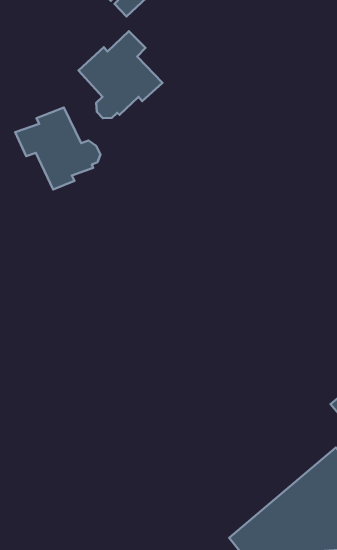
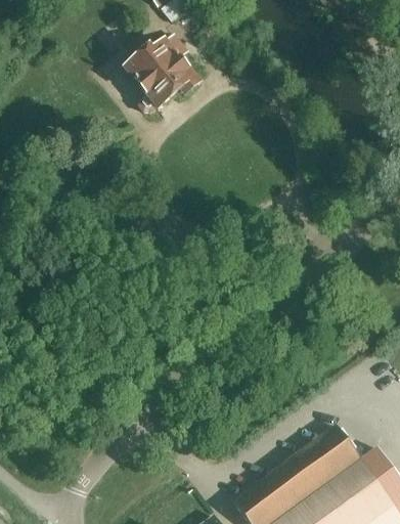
building: [15,107,100,190] -> none

